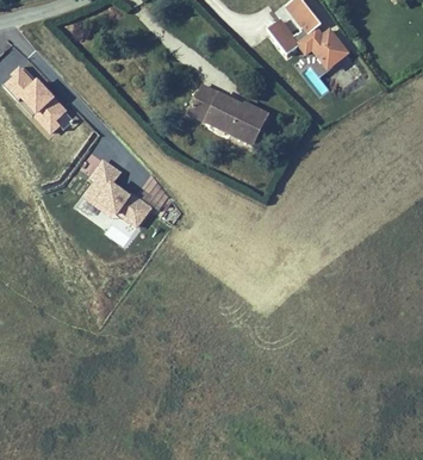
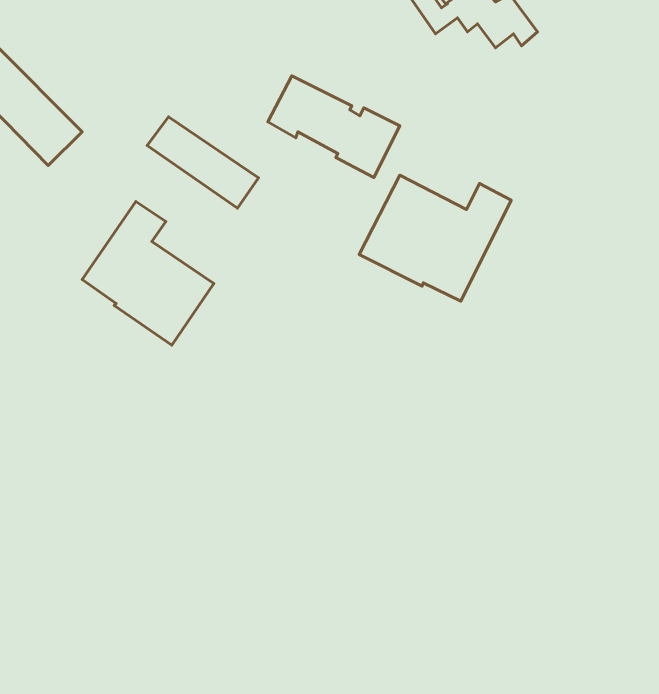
building: none -> [147,117,259,208]
building: none -> [359,175,511,301]

